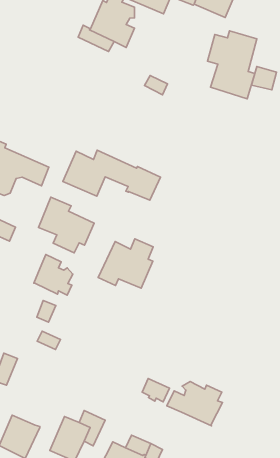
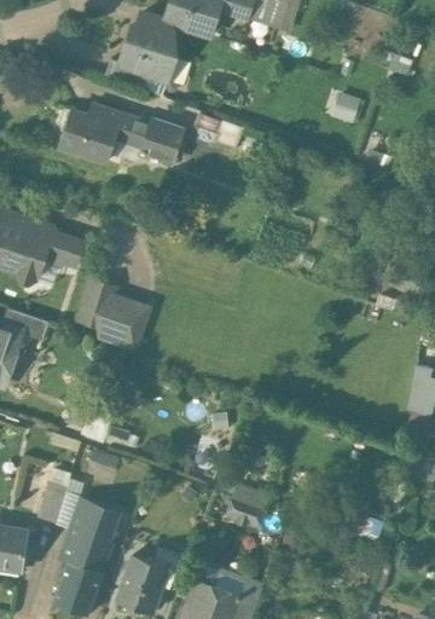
building: [208,31,257,99] -> none
building: [63,150,160,200] -> [60,105,184,163]
building: [98,239,153,288] -> none
building: [34,254,73,295] -> none
building: none -> [60,498,118,569]
building: [167,382,222,426] -> none

